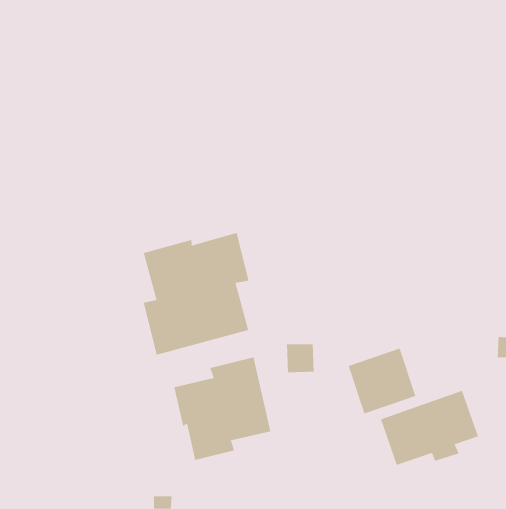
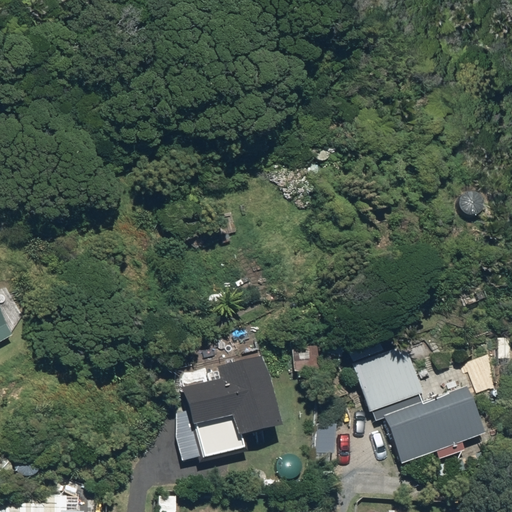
building: [143,232,249,356] -> none

